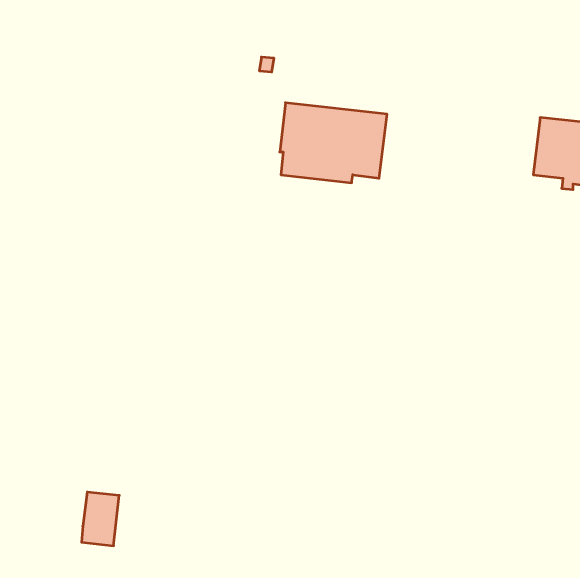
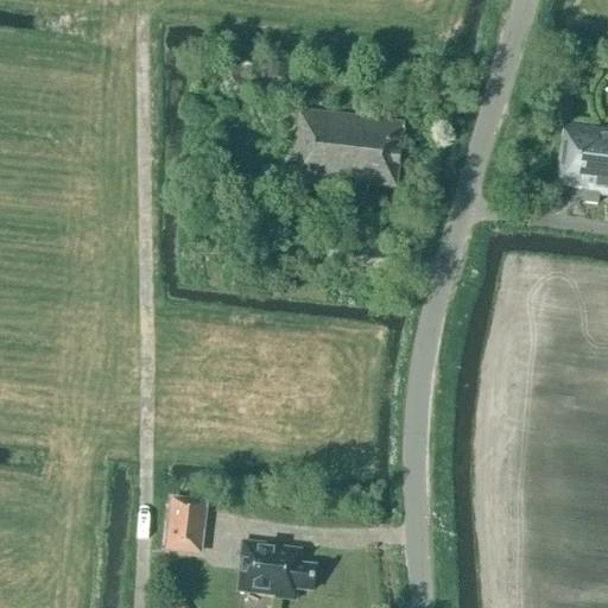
building: [82,492,119,546] -> [169,496,208,552]
building: none -> [240,538,317,596]

